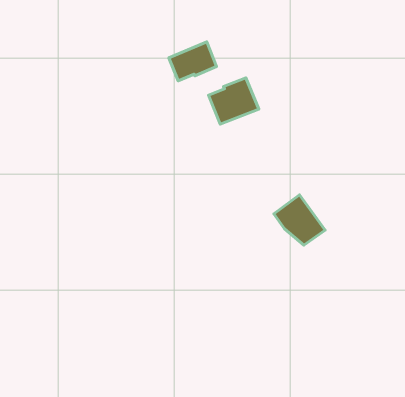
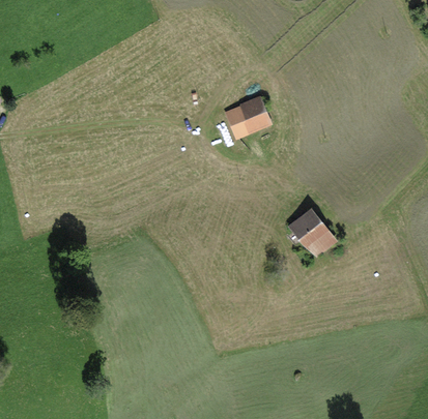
building: [169,42,217,81] -> none

